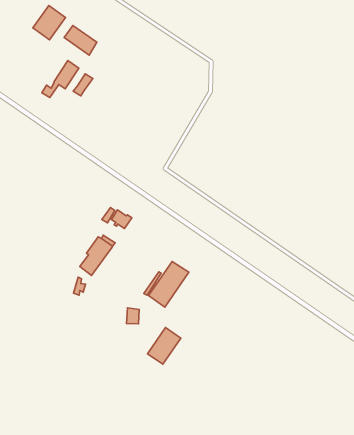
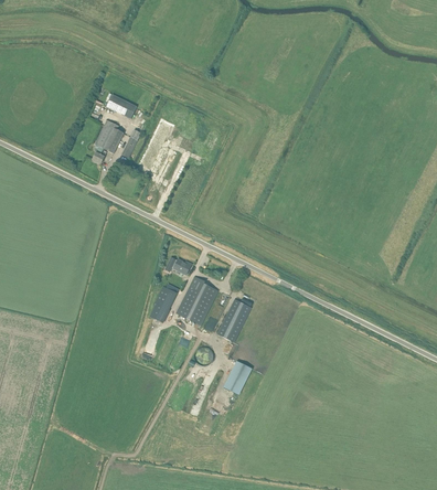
building: [33,6,65,40] -> none
building: none -> [177,275,218,324]

